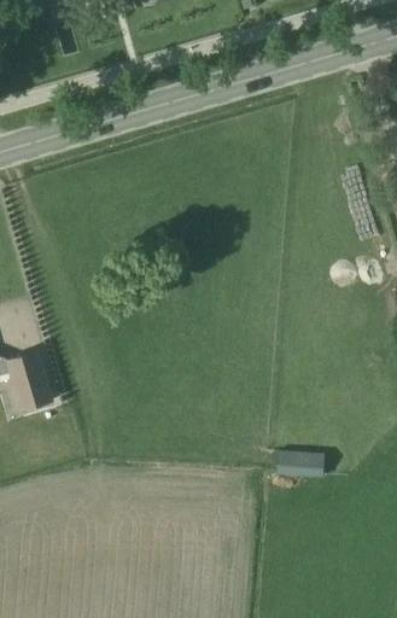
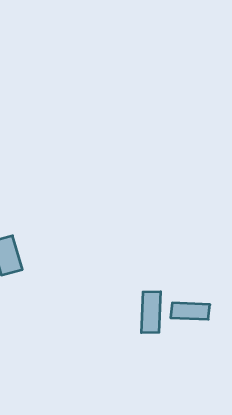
building: none -> [141,292,161,333]

